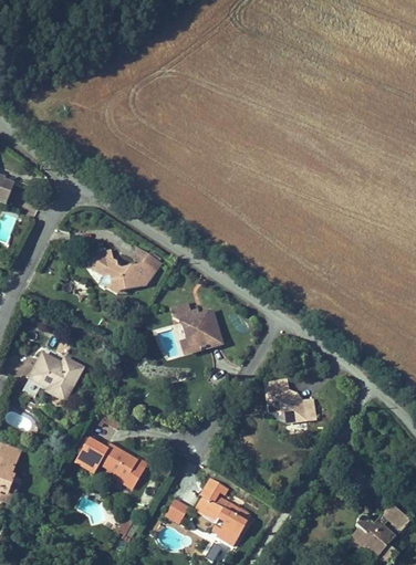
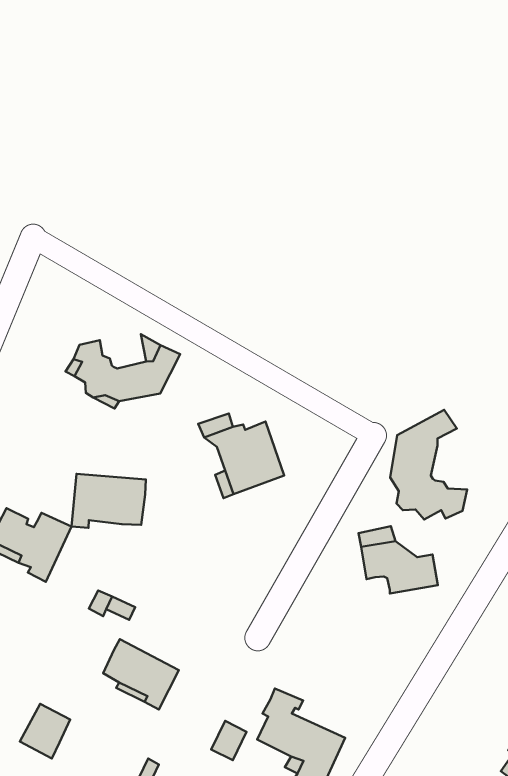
building: none -> [390,410,467,520]
building: none -> [72,474,146,528]
building: [73,436,106,471] -> [20,704,70,758]

